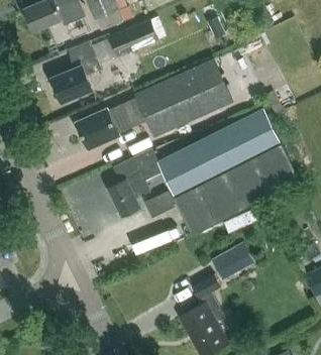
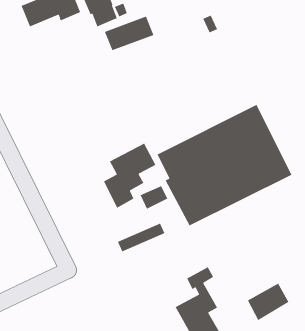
building: [51,40,101,101] -> none
building: [76,65,221,149] -> none
building: [211,242,254,281] -> [247,282,289,321]

